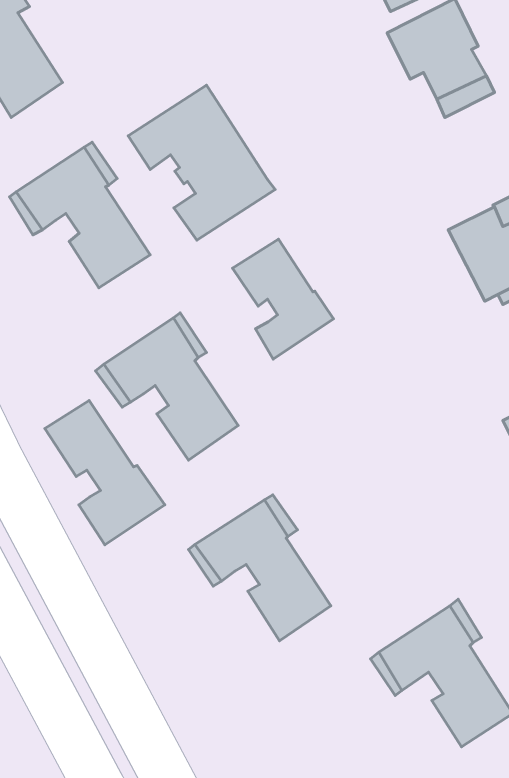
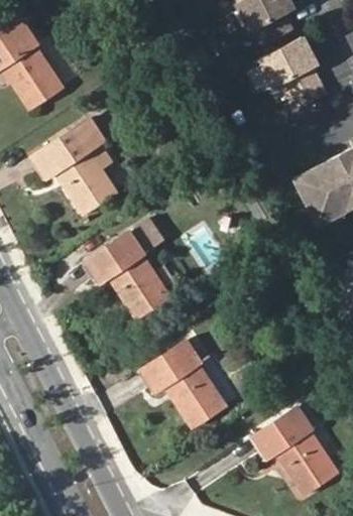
building: [128,85,275,240] -> none
building: [233,239,334,359] -> none
building: [45,401,165,545] -> none

